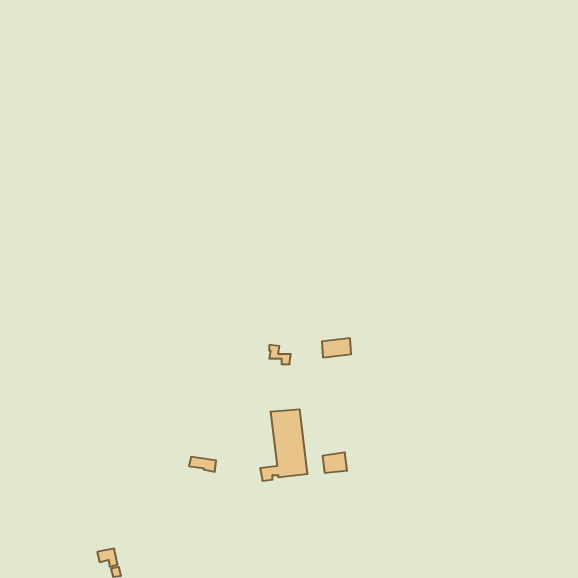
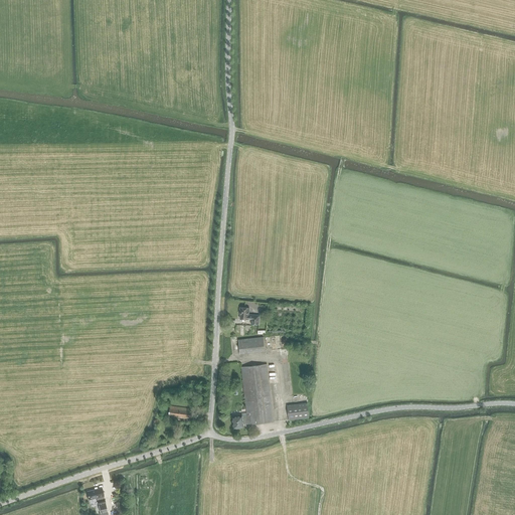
building: [322,338,351,357] -> [238,337,265,354]

